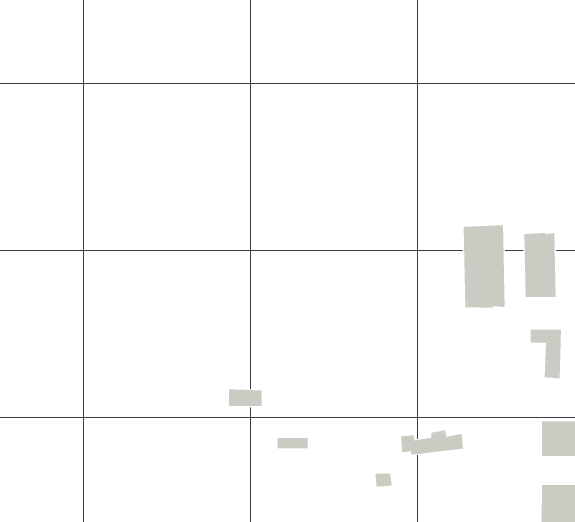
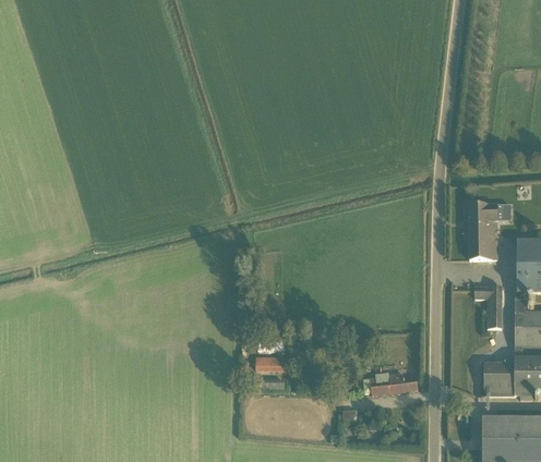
building: [463,225,505,308] -> none
building: [228,389,262,407] -> [256,354,286,369]

